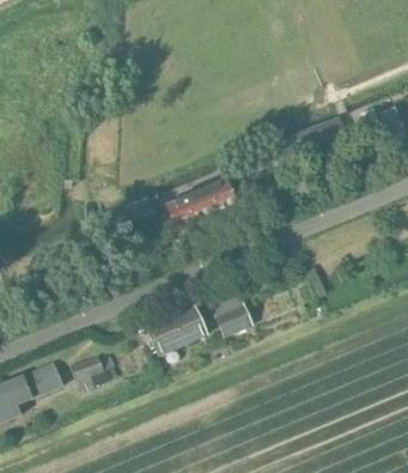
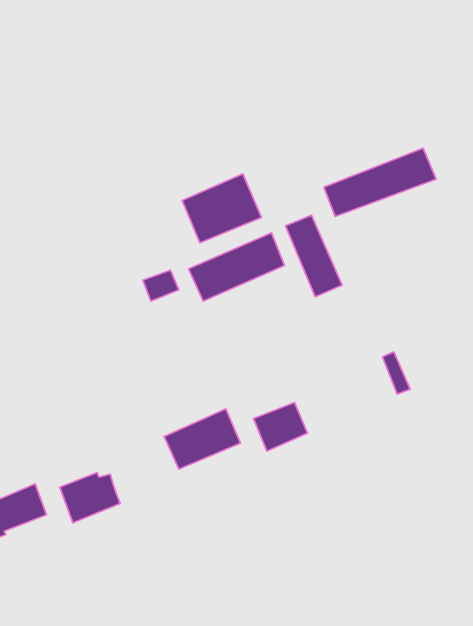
building: none -> [182,174,262,243]
building: none -> [286,215,342,297]

